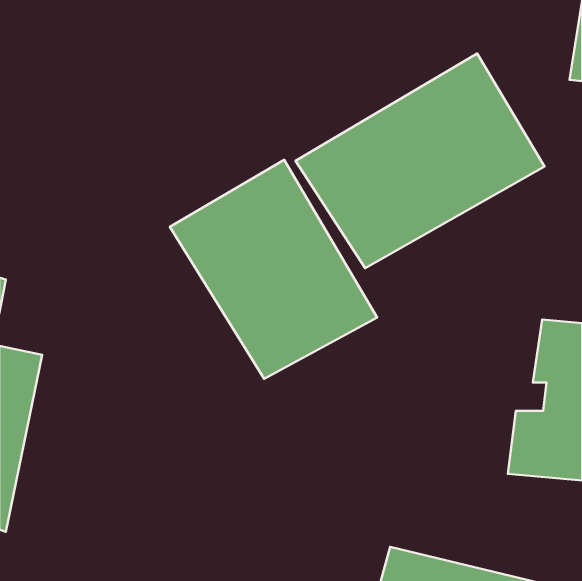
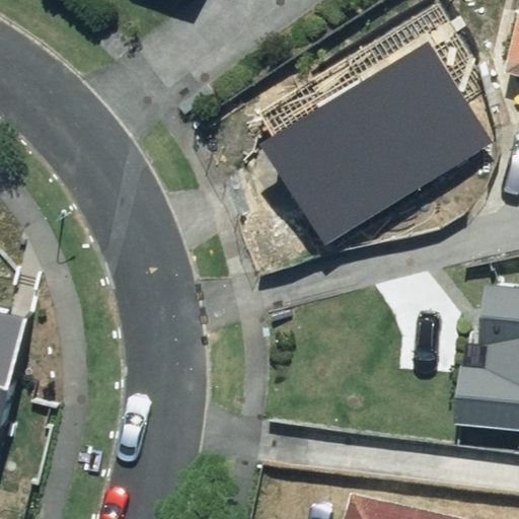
building: [170,160,377,379] -> none

